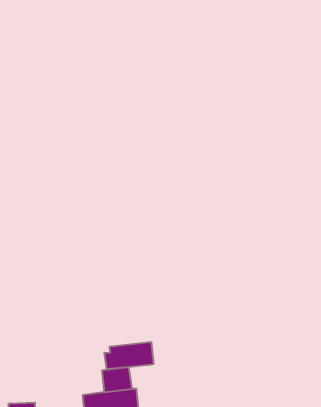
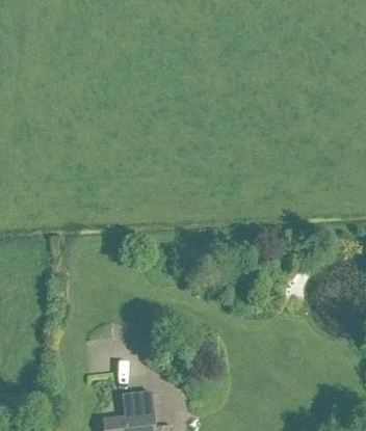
building: [105,342,154,369] -> none

